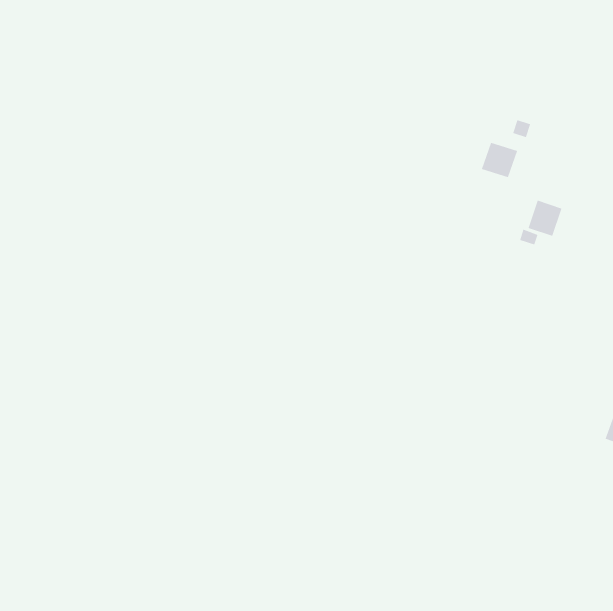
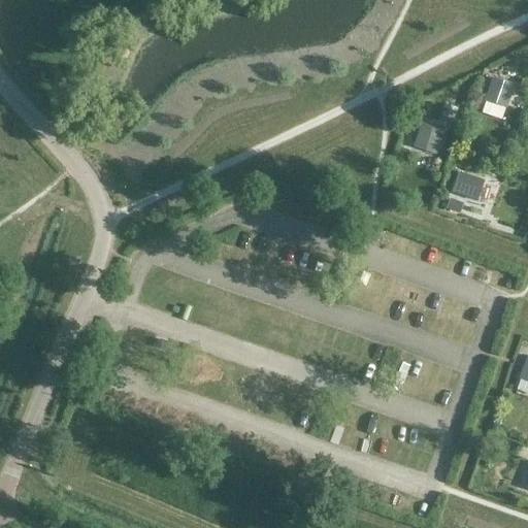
building: none -> [486,75,516,106]

